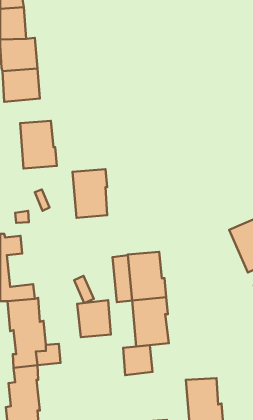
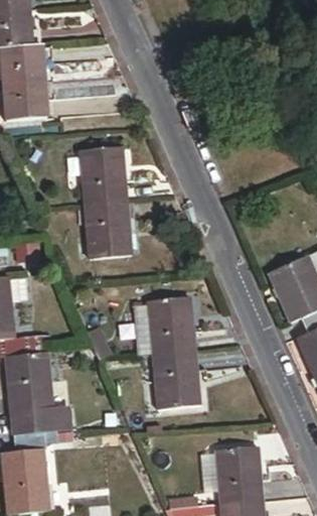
building: [20,121,57,168] -> [82,147,125,204]
building: [77,300,111,337] -> none
building: [123,345,153,375] -> none

